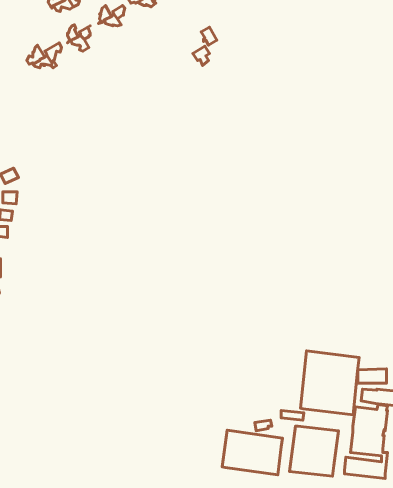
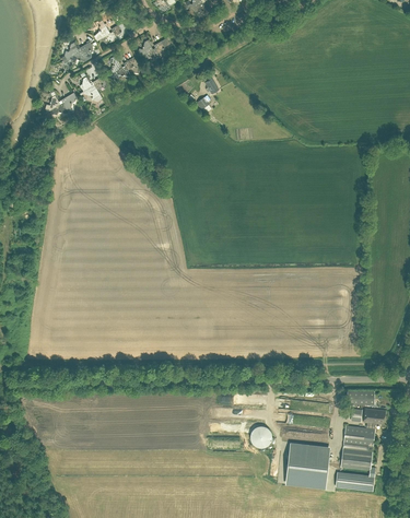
building: [300,351,359,415] -> none
building: [222,430,283,475] -> none

